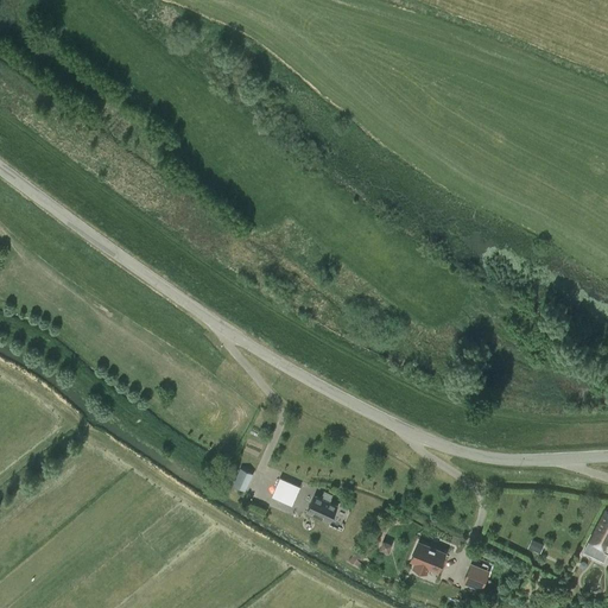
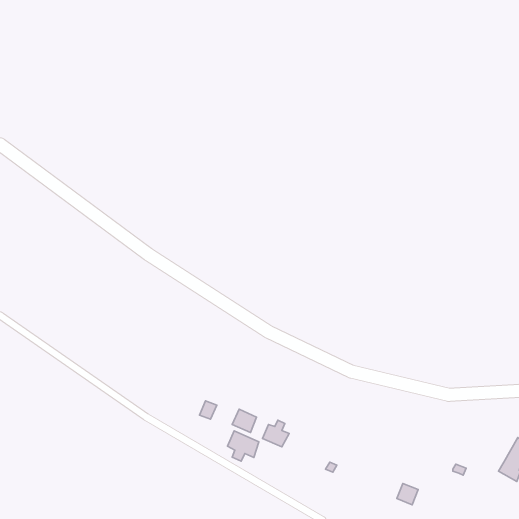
building: none -> [227,431,259,461]
building: [412,543,445,575] -> none

